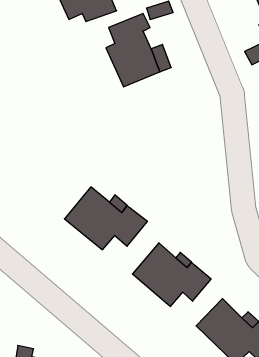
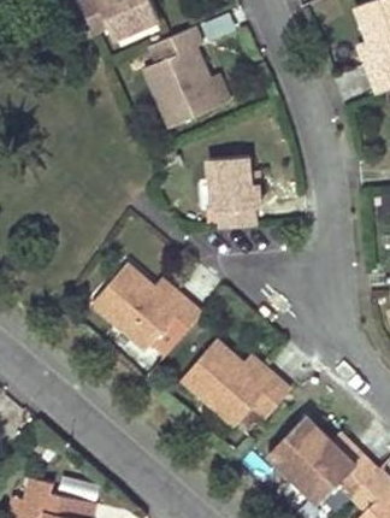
building: none -> [212,163,268,225]

